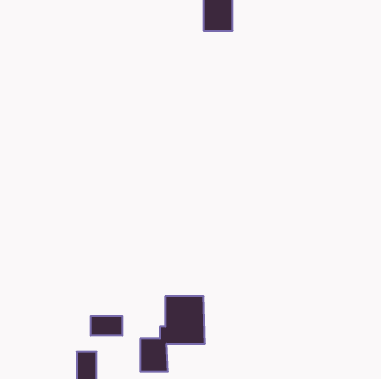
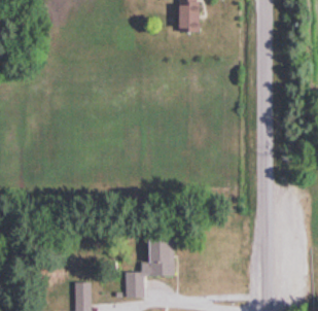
building: [91,316,122,336] -> none

